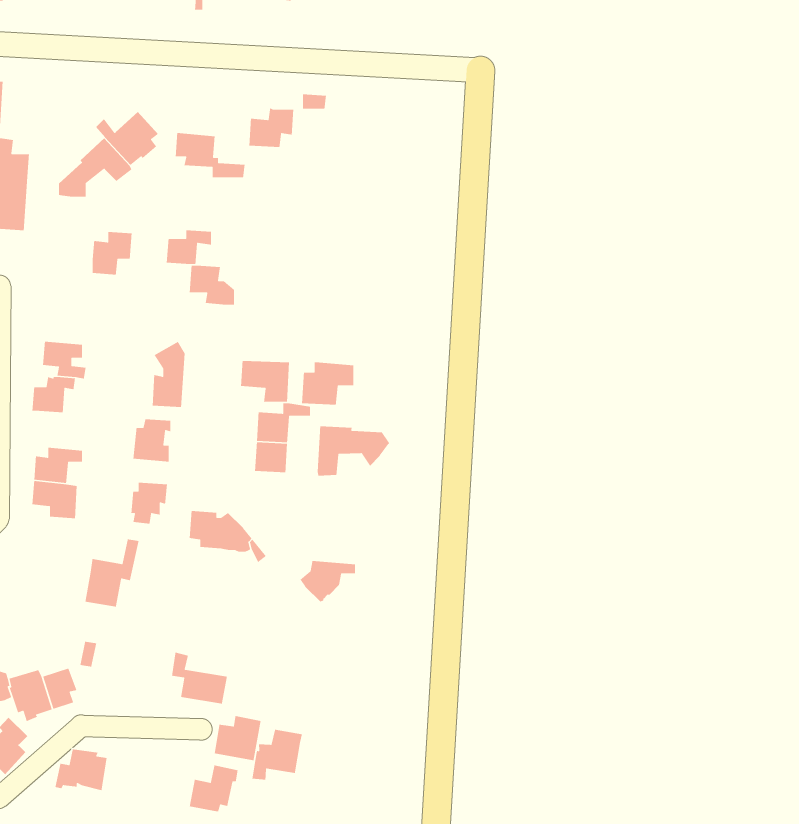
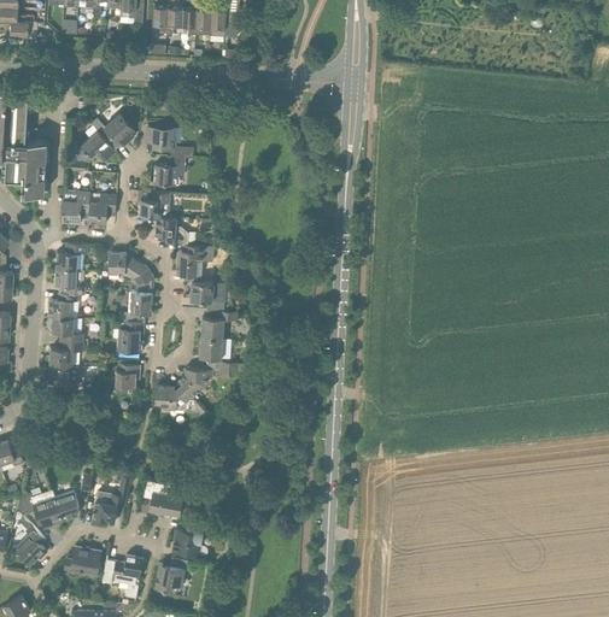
building: [248,107,294,148] -> [153,157,185,184]
building: none -> [62,190,89,222]
building: none -> [55,243,86,271]
building: none -> [107,253,147,278]
building: [301,361,354,405] -> [176,245,212,275]
building: none -> [51,317,83,343]
building: [317,425,390,477] -> none
building: [85,539,139,608] -> [92,477,129,524]
building: [299,560,356,603] -> [177,368,216,396]
building: [252,729,303,781] -> none
building: none -> [101,556,142,584]

